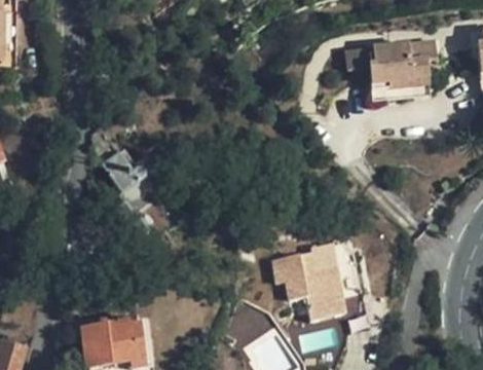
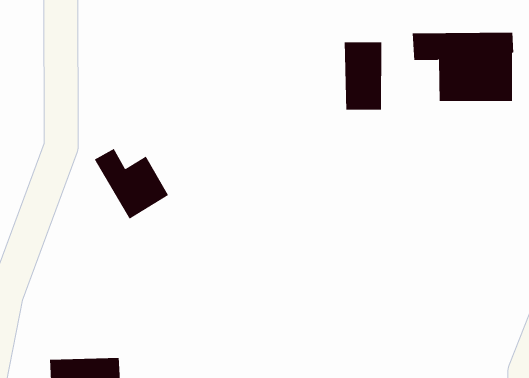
building: none -> [344,41,382,110]
building: [269,246,345,319] -> none

